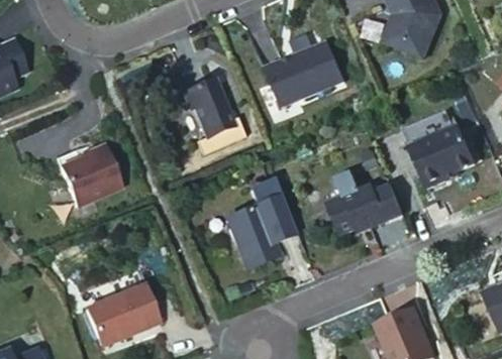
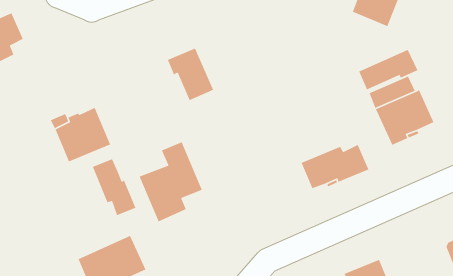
building: [264,41,343,106] -> none
building: none -> [358,49,418,90]
building: [226,180,296,268] -> [139,141,203,223]
building: none -> [92,158,137,216]

